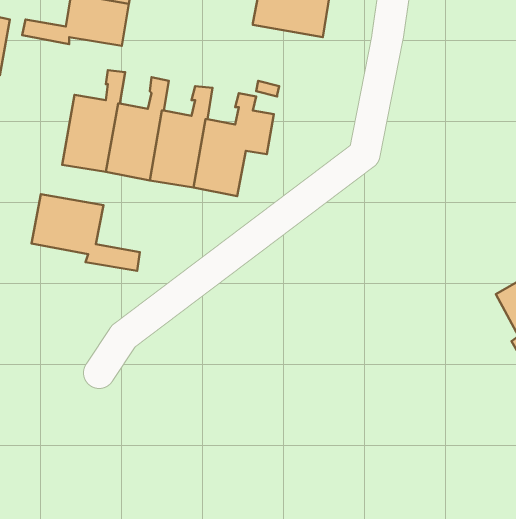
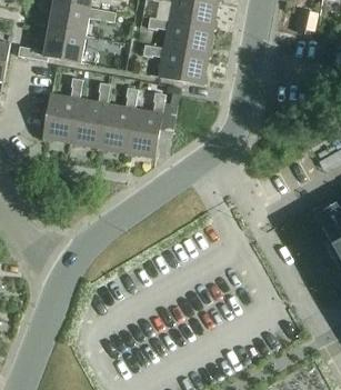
building: none -> [143,43,209,83]
building: [31,194,140,271] -> none

